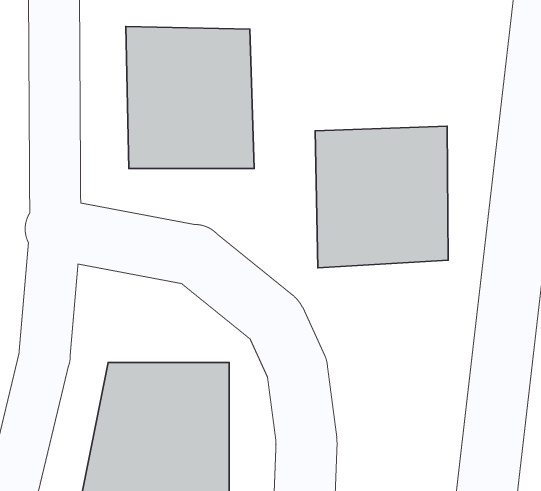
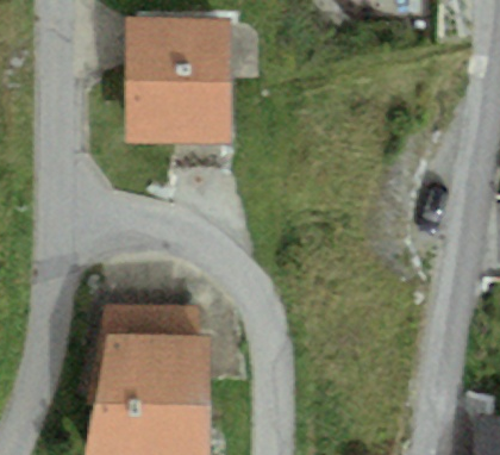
building: [315,126,448,268] -> none

